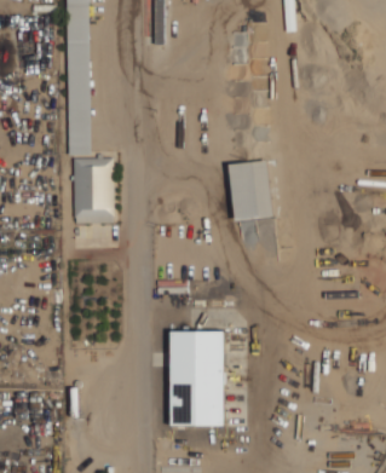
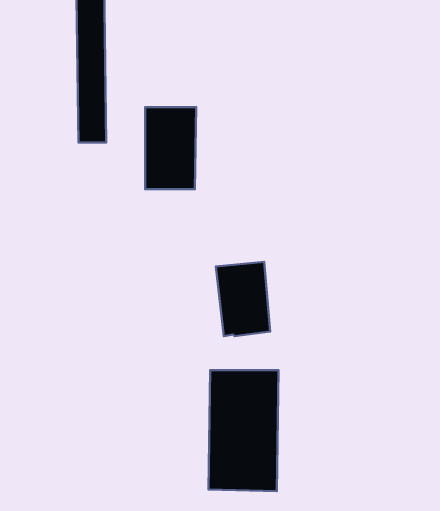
building: [73,157,113,221] -> [145,107,196,189]
building: [229,160,271,218] -> [216,262,270,336]

